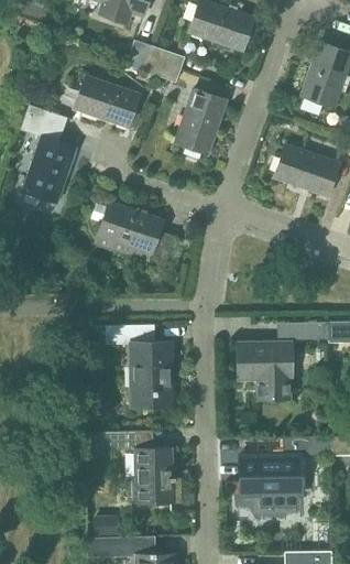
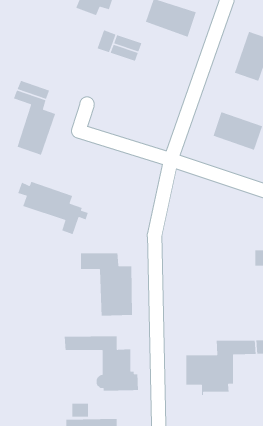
building: [74,77,140,128] -> none
building: [175,89,226,155] -> none
building: [91,203,183,272] -> [17,181,89,235]
building: [238,323,328,400] -> none

